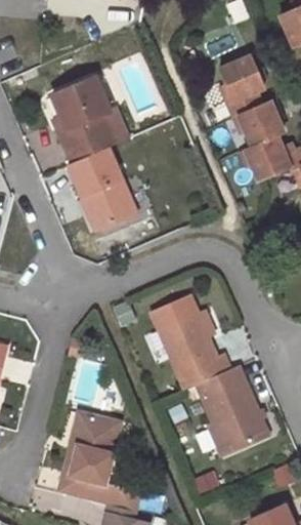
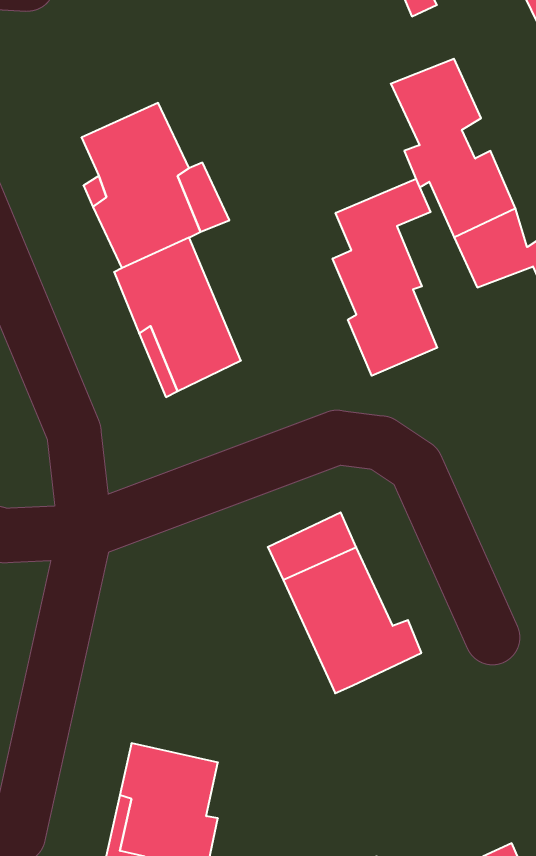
building: none -> [333,179,437,376]
building: [196,367,270,454] -> none

